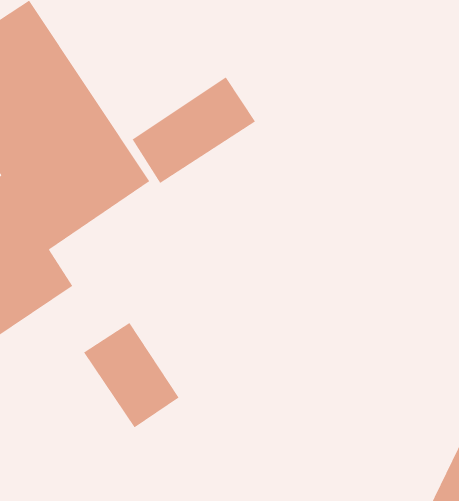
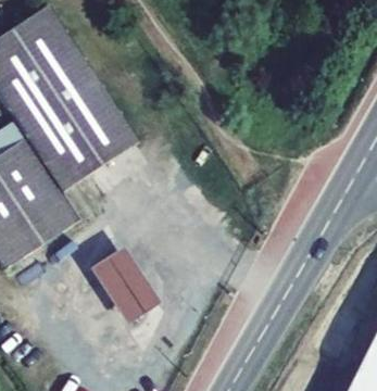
building: [132,76,256,184] -> none

